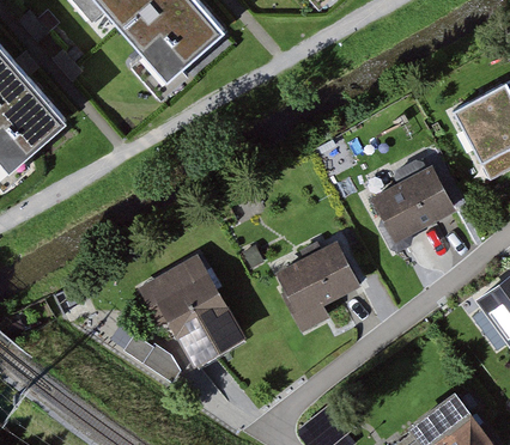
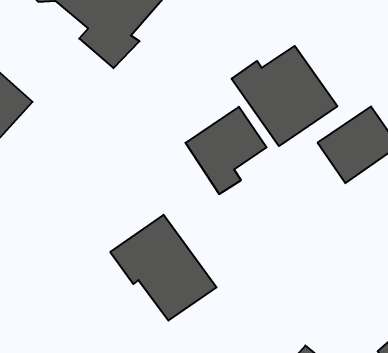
building: none -> [232,46,337,146]
building: [273,243,358,333] -> [185,107,267,194]

